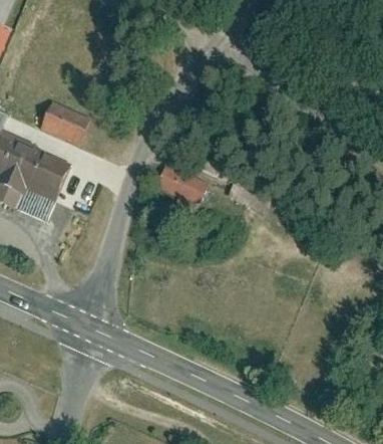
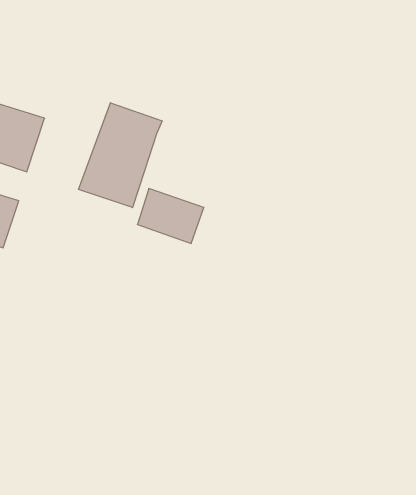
building: none -> [79,103,162,208]

